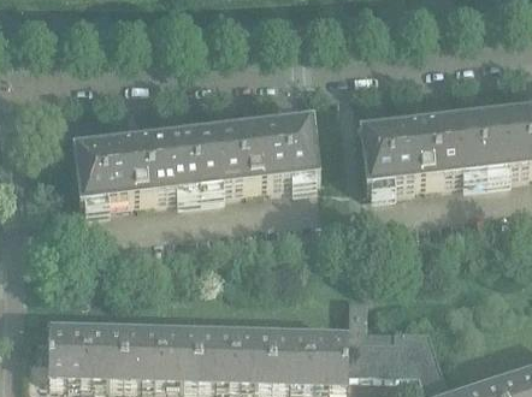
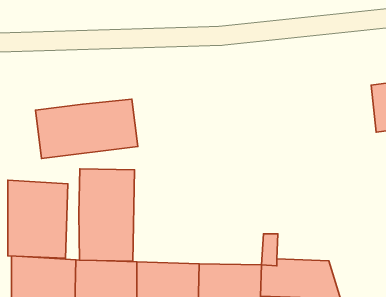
building: [361,115,483,185] -> none
building: [190,118,313,189] -> none
building: none -> [79,169,134,261]
building: none -> [8,180,68,258]

